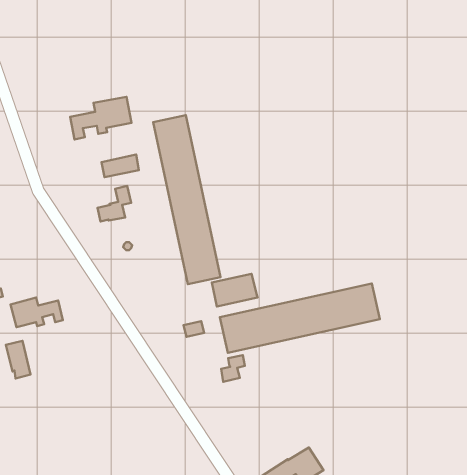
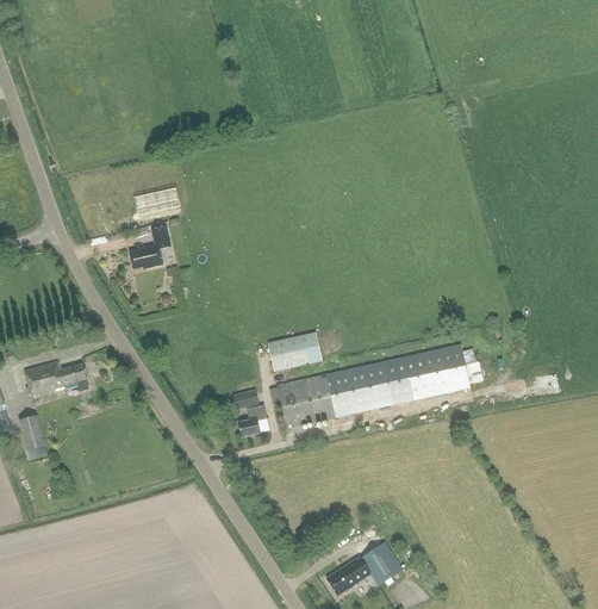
building: [70,97,131,139] -> none
building: [153,115,221,284] -> none
building: [221,355,245,382] -> [237,404,266,436]

